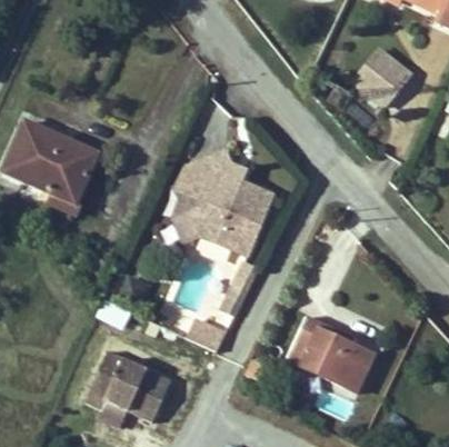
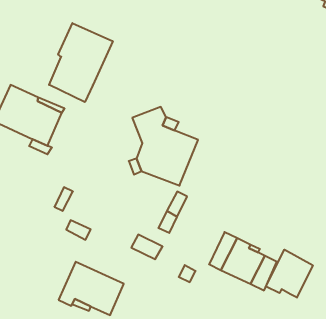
building: none -> [49,23,113,102]
building: [345,42,411,109] -> none
building: none -> [266,250,313,298]

